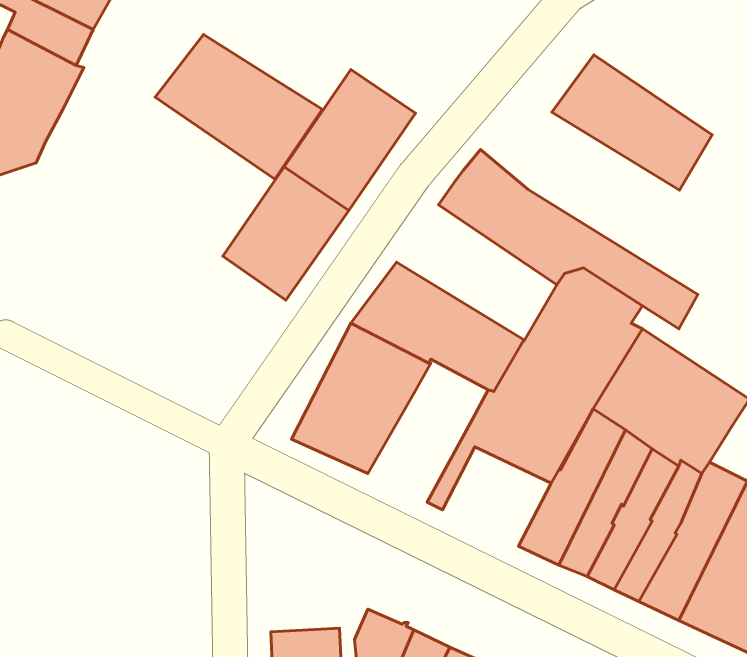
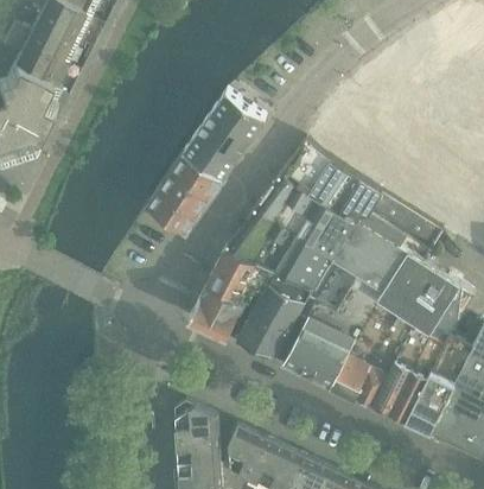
building: [155,35,323,179] -> none
building: [552,55,712,190] -> [255,174,355,259]
building: none -> [237,271,312,360]
building: none -> [284,325,351,387]
building: none -> [174,402,219,440]

